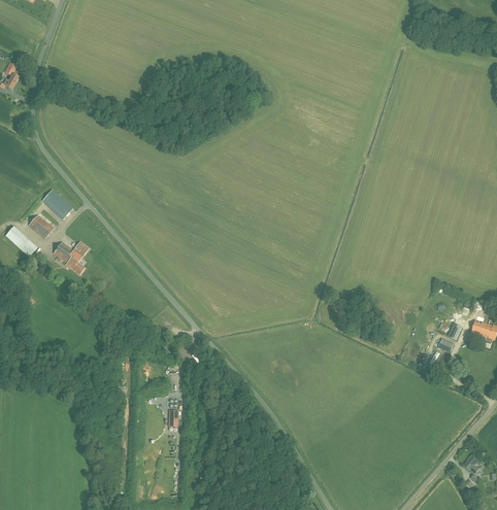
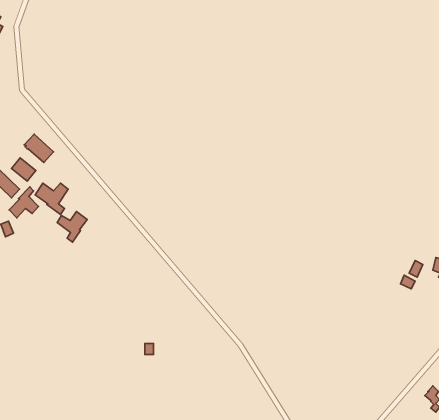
building: none -> [9,187,39,218]
building: none -> [57,211,87,242]

